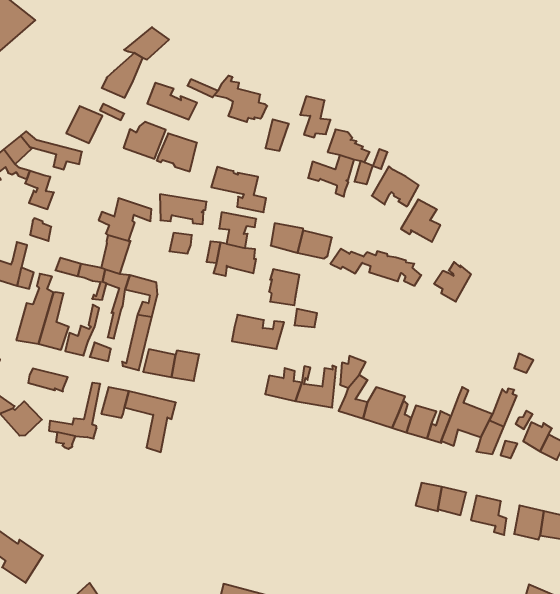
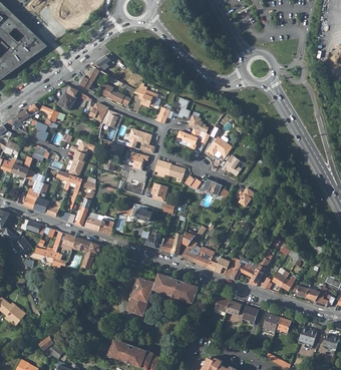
building: none -> [127,273,199,316]

